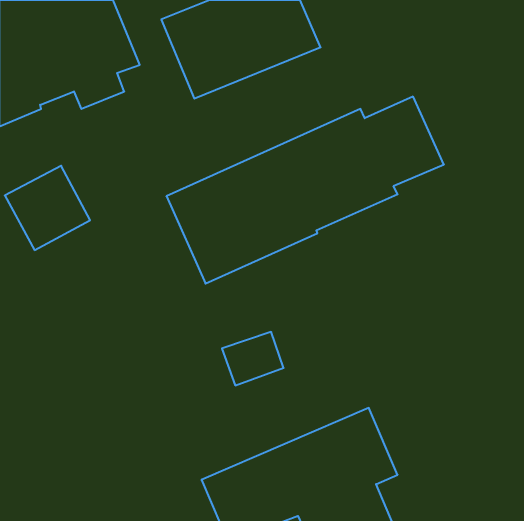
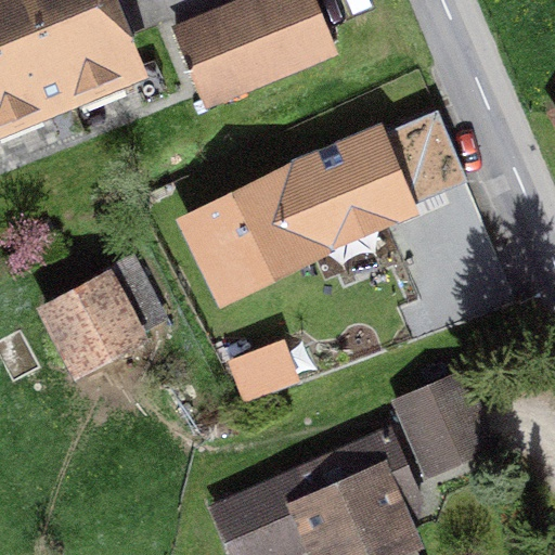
building: [5,166,90,250] -> [44,278,134,366]
building: none -> [402,384,489,470]

